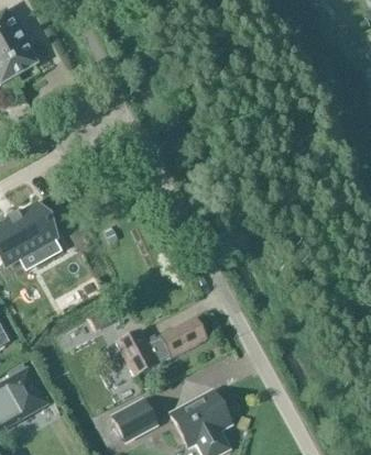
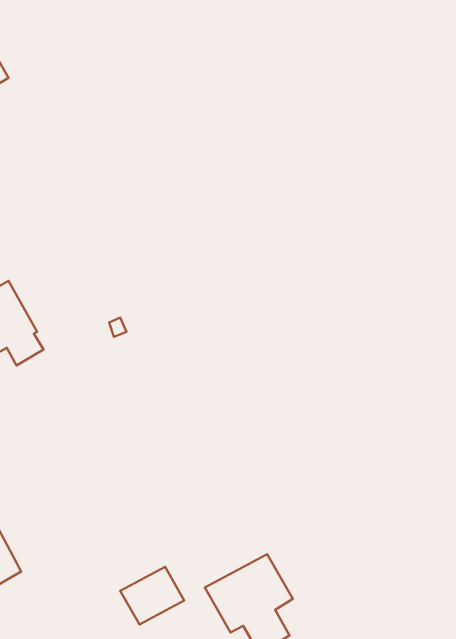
building: [117,317,206,376] -> none

